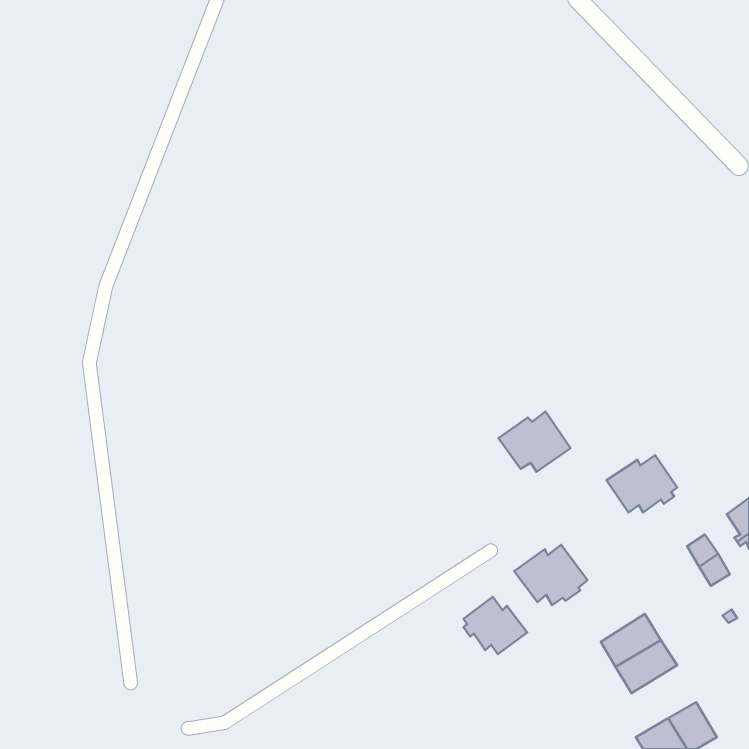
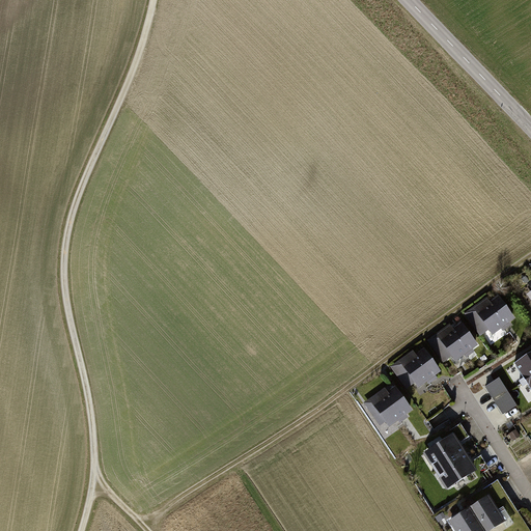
building: [498,412,570,472] -> [391,347,442,390]
building: none -> [466,295,516,337]
building: [463,597,527,654] -> none

